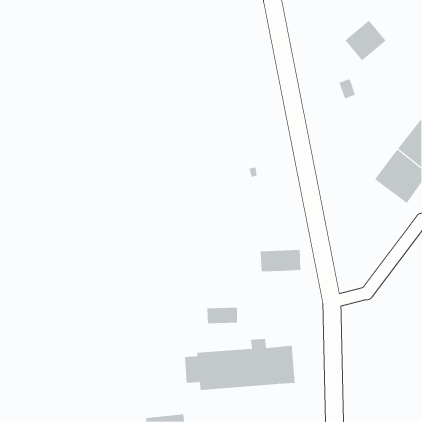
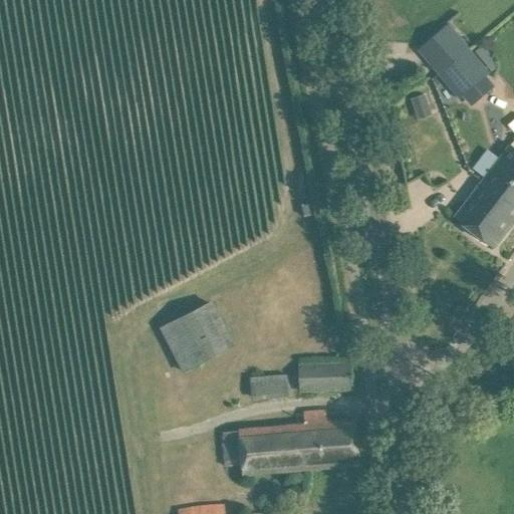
building: none -> [440,49,489,98]
building: none -> [160,301,231,371]
building: [260,250,301,272] -> [300,364,350,392]

